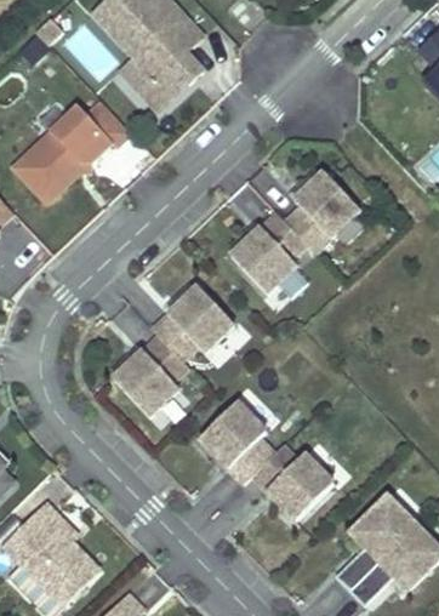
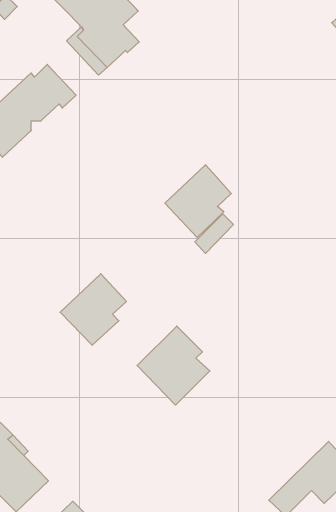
building: [285,171,359,252] -> none
building: [152,285,233,360] -> none
building: [251,437,341,520] -> none
building: [335,496,416,592] -> none

